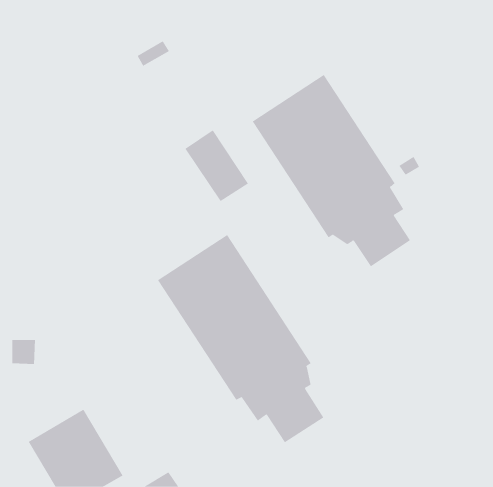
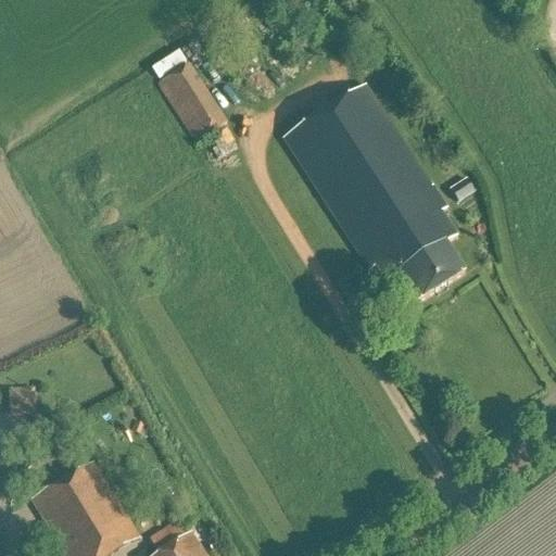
building: [184,129,249,202] -> [161,59,233,140]
building: [157,234,324,443] -> none

